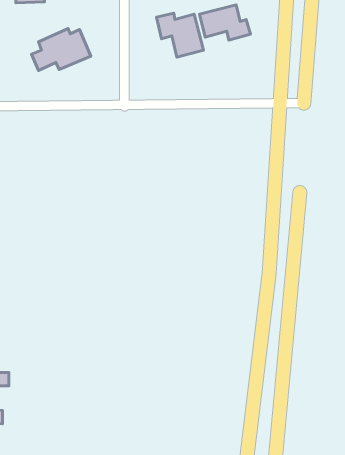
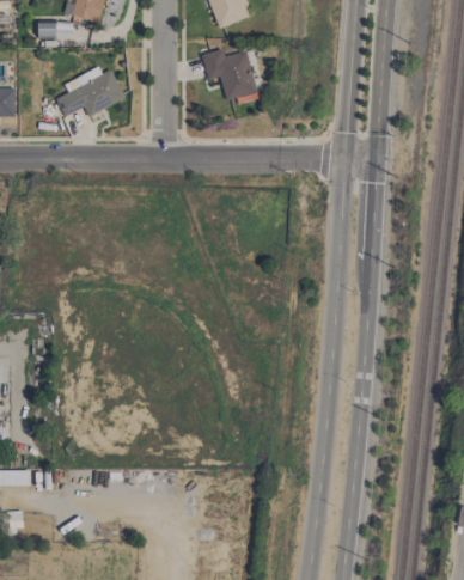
building: [199,5,250,40] -> none

